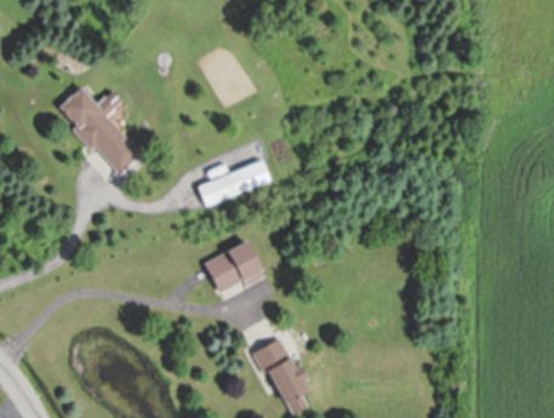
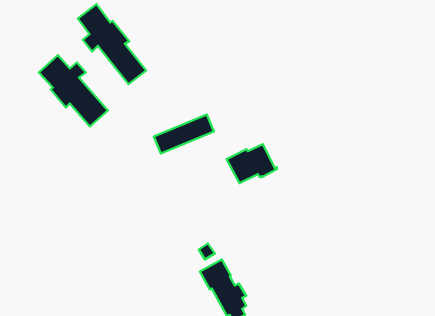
building: none -> [78,4,146,84]
building: [204,244,264,291] -> [227,144,277,183]

